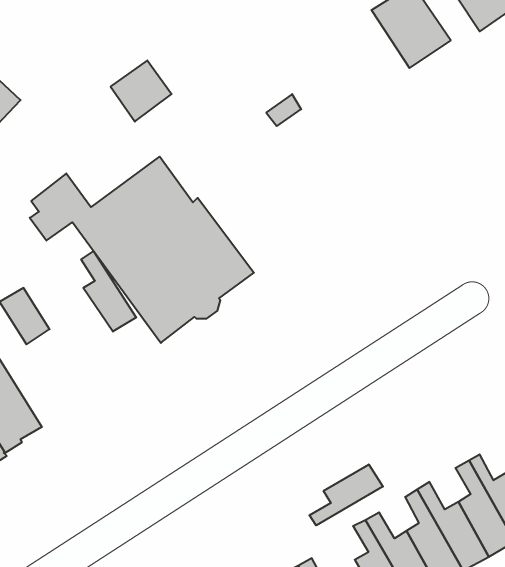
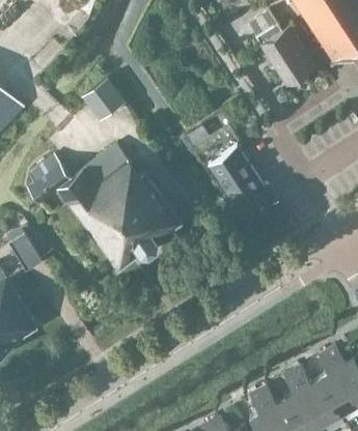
building: none -> [196,119,264,206]
building: [81,251,136,332] -> none
building: [309,464,383,525] -> none

